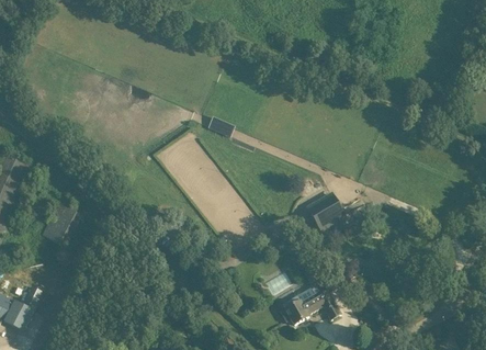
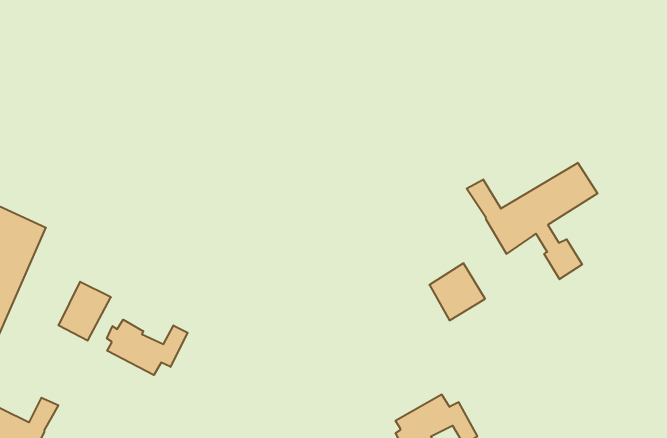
building: none -> [467,163,597,279]
building: none -> [107,320,188,375]

